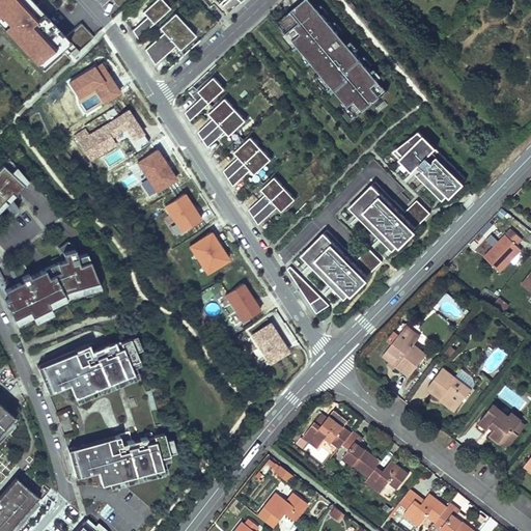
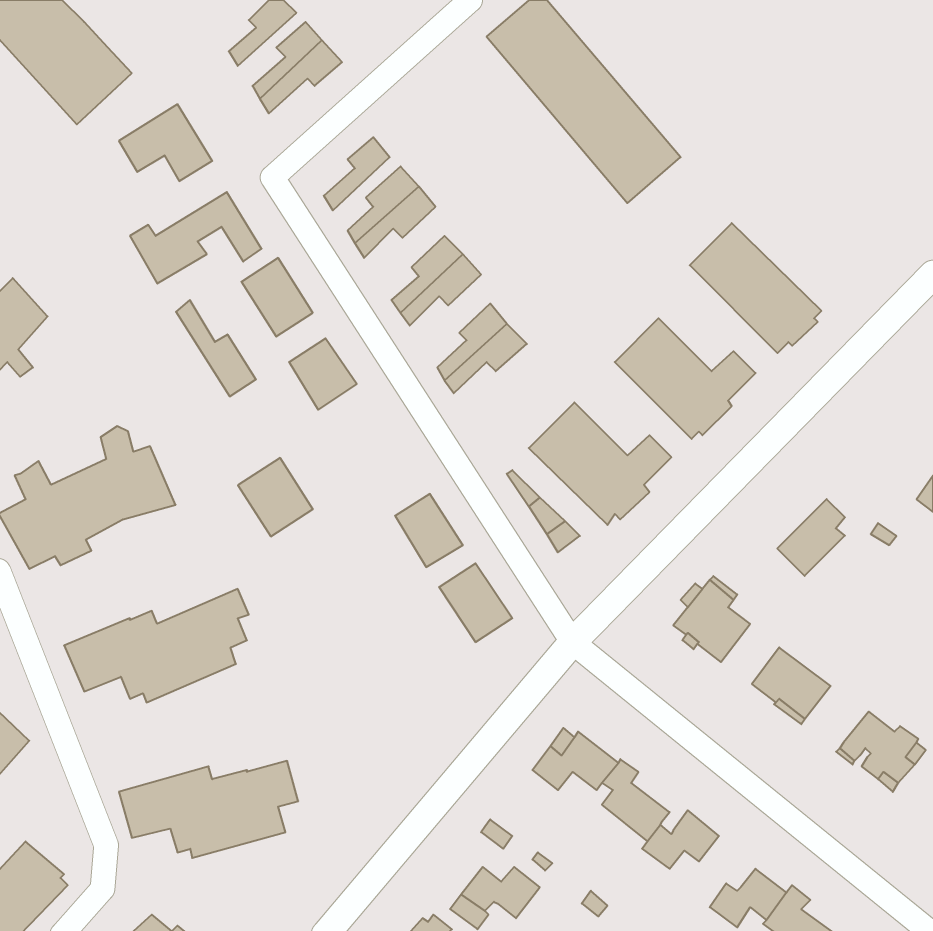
building: none -> [176,300,256,397]
building: [482,230,521,274] -> [777,499,845,576]
building: [188,231,230,276] -> [238,458,313,536]

